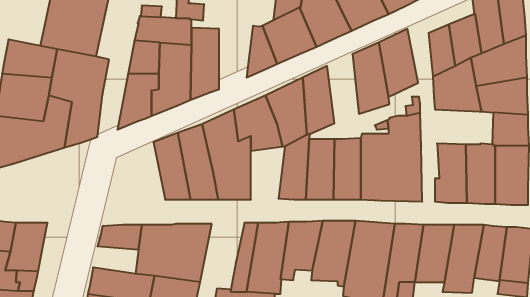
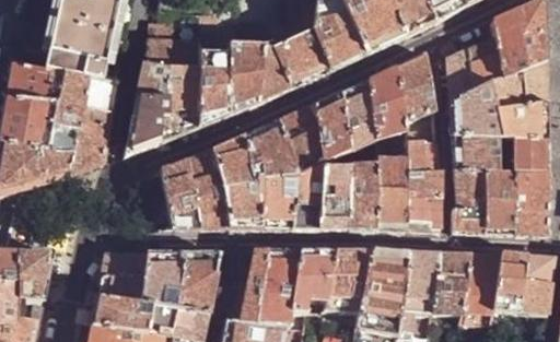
building: none -> [229,44,265,114]
building: none -> [340,78,373,151]
building: none -> [452,134,499,170]
building: none -> [261,173,296,227]
building: none -> [98,275,145,304]

